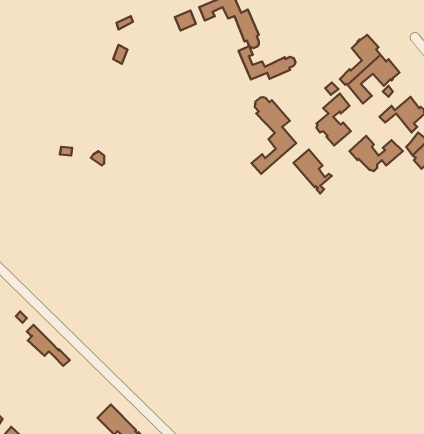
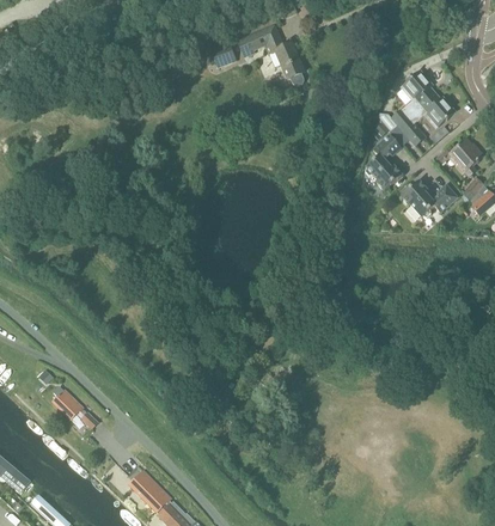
building: [238,46,295,80] -> none
building: [252,97,296,174] -> none
building: [293,149,332,193] -> none

